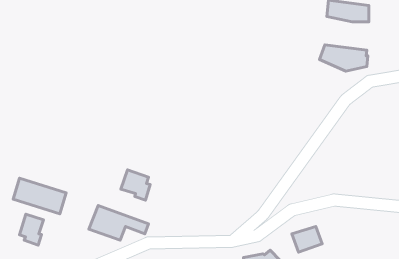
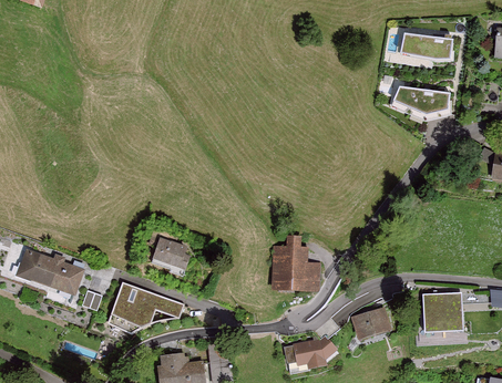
building: none -> [273,240,316,288]
building: none -> [426,291,463,330]
building: [20,214,44,245] -> none

